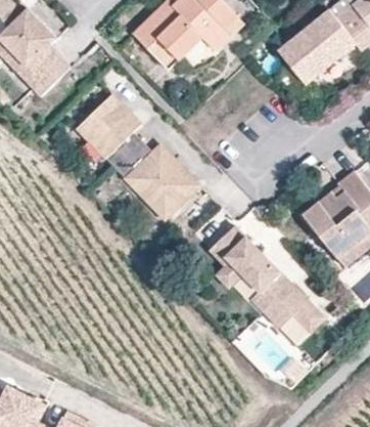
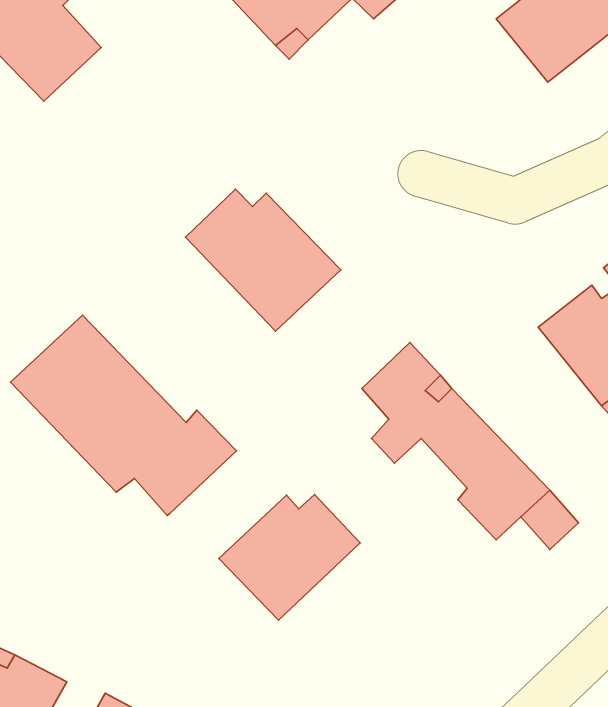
building: [74,93,140,166] -> none
building: none -> [10,315,237,516]
building: none -> [219,495,360,620]

